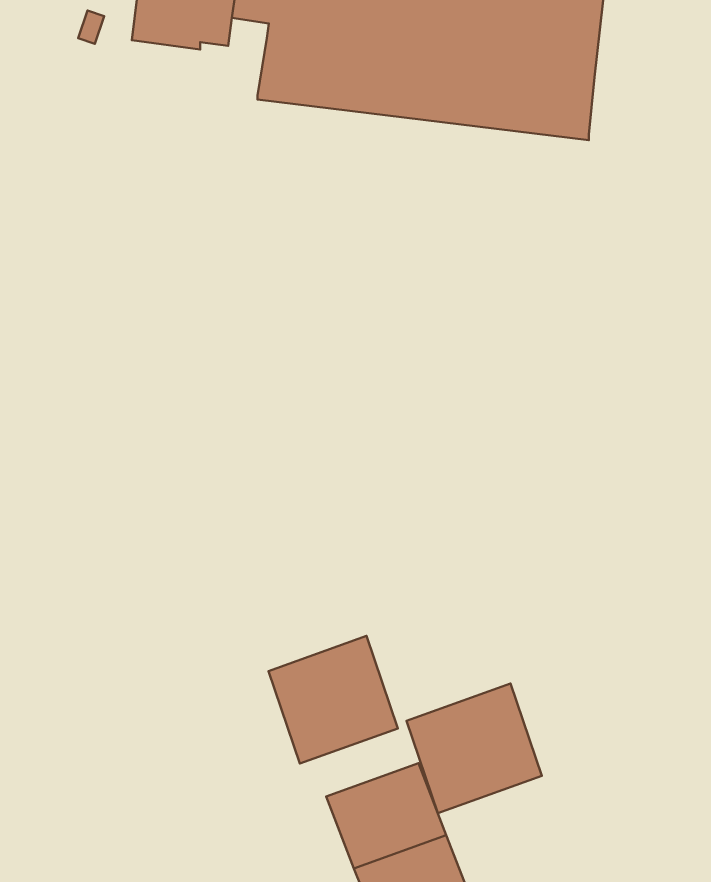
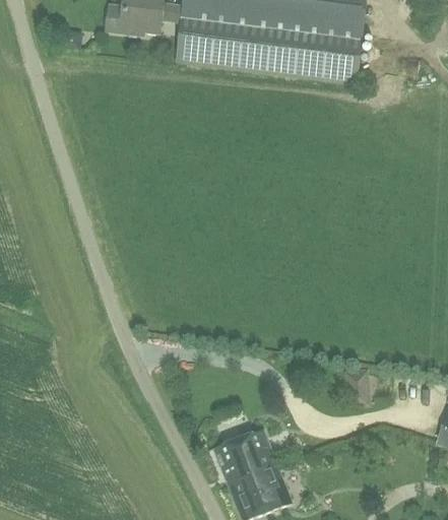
building: [269,636,398,764] -> none
building: [407,683,542,813] -> none

